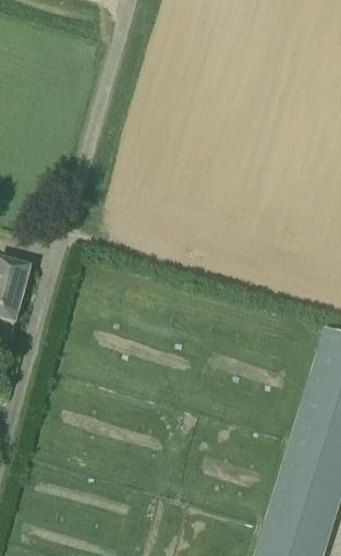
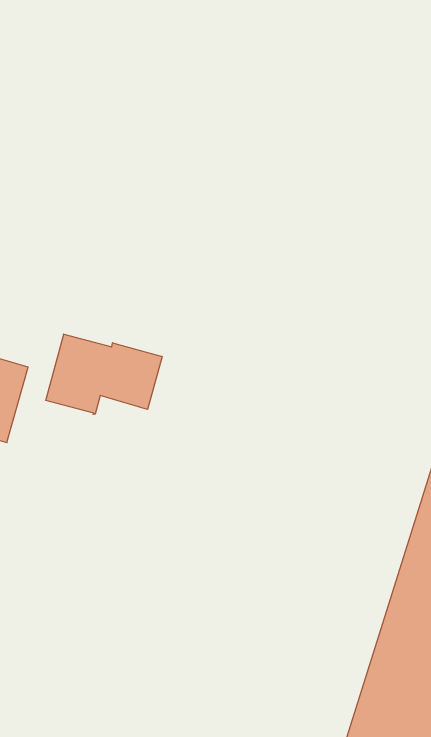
building: none -> [46,334,162,414]

